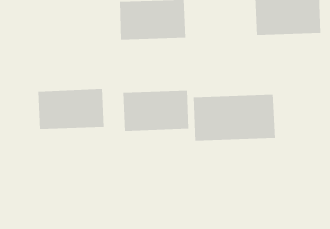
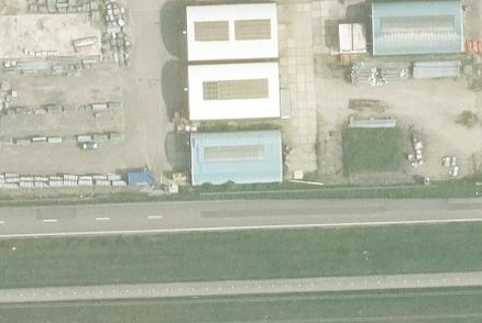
building: [38,88,104,129] -> [187,64,278,120]
building: [193,94,276,142] -> none

